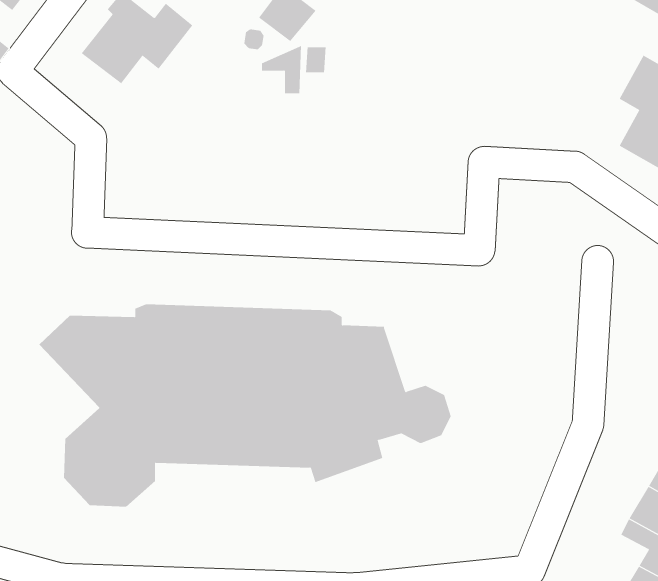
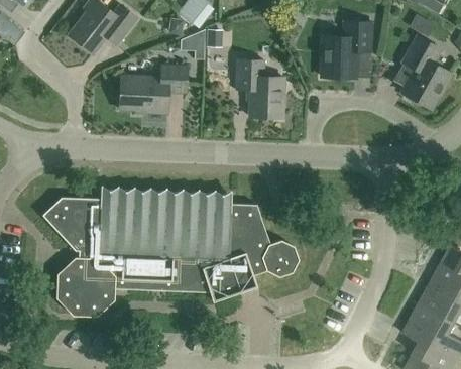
building: none -> [322,20,371,78]
building: none -> [235,58,283,117]
building: none -> [119,65,187,113]

